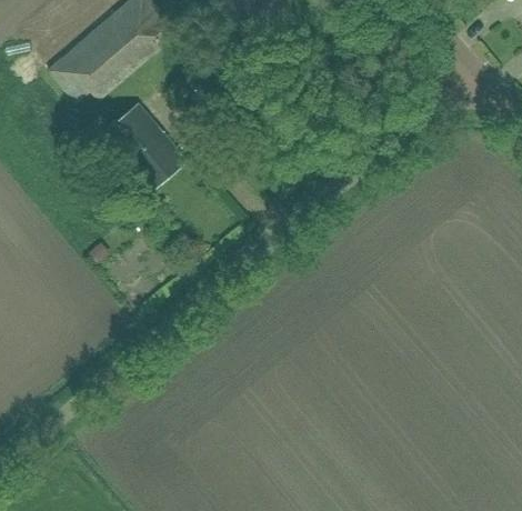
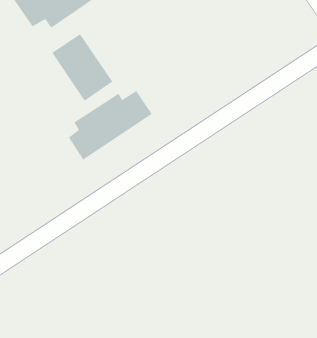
building: none -> [68,90,153,160]

